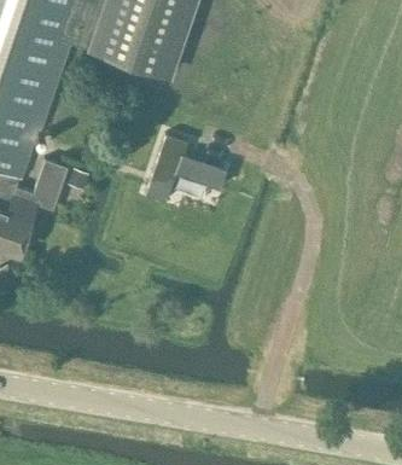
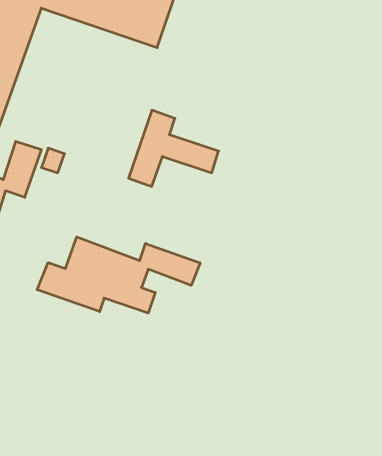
building: none -> [37,237,200,313]

